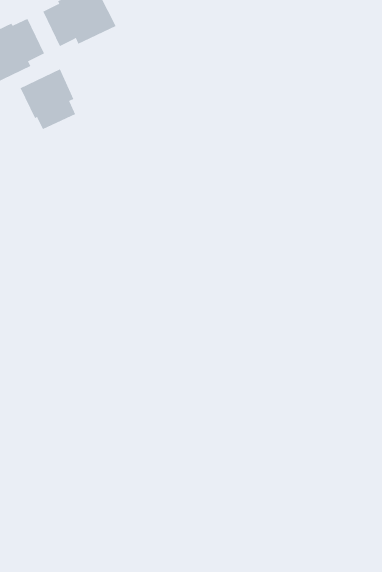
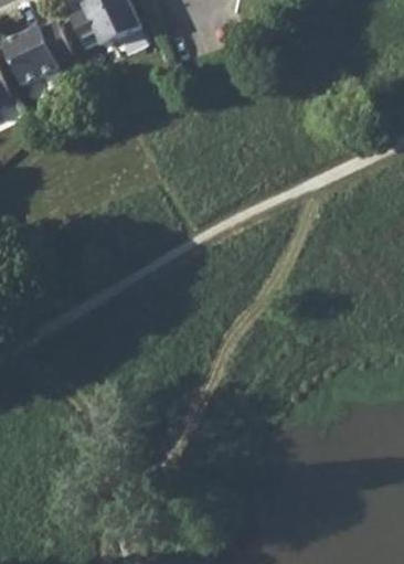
building: [20,69,76,130] -> none

